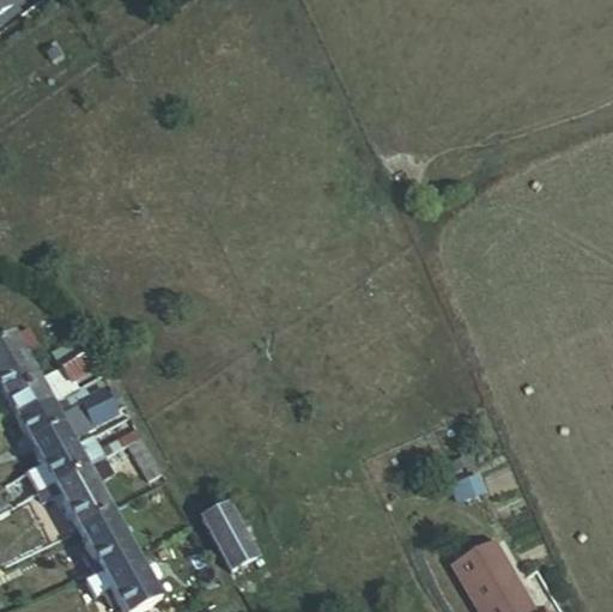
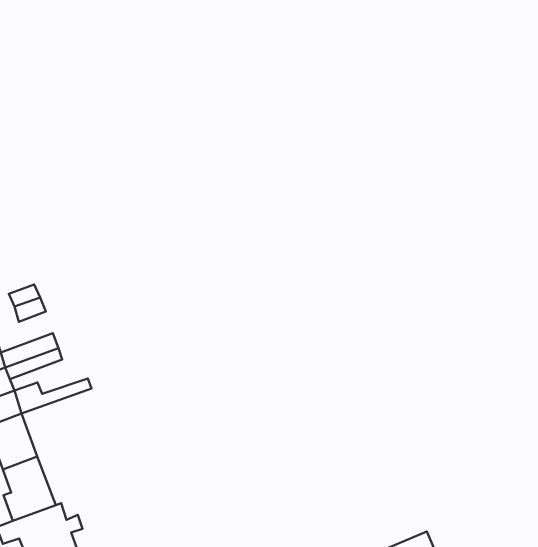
building: [200,503,256,570] -> none

